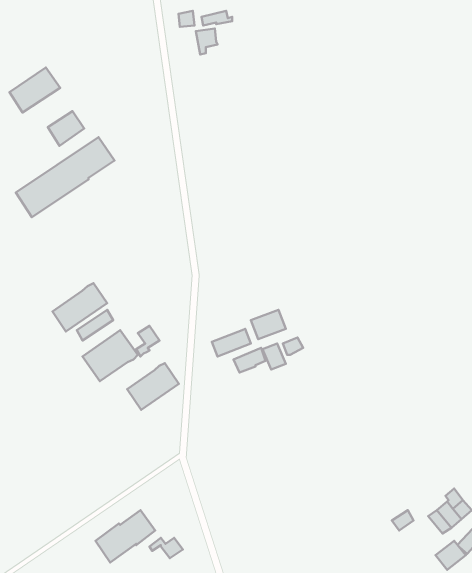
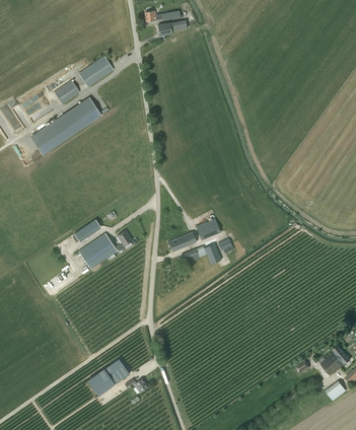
building: [9,68,60,113] -> [78,56,114,87]
building: [53,283,107,332] -> none
building: [127,363,179,410] -> none

